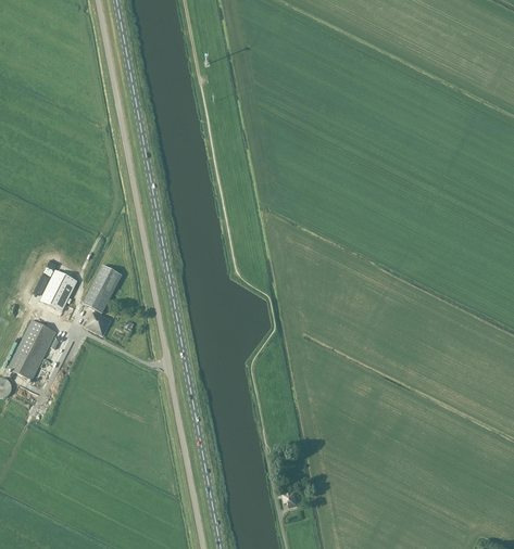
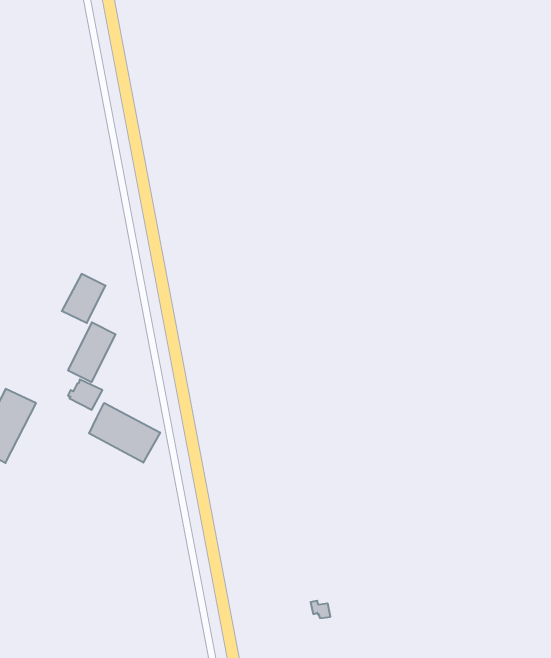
building: [40,270,76,310] -> [62,274,106,323]
building: none -> [89,403,160,463]

